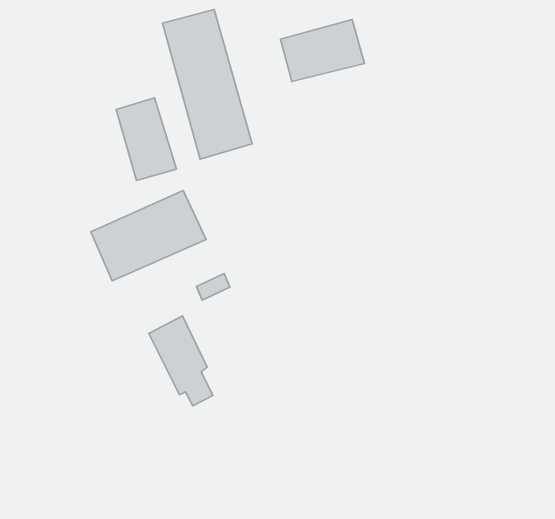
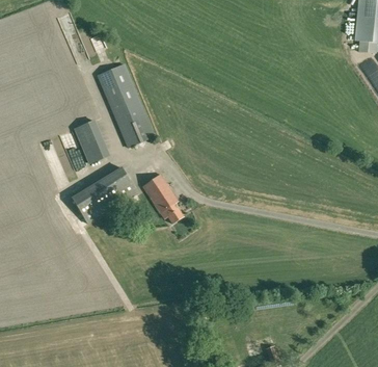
building: [281,19,364,82] -> none
building: [149,316,213,406] -> [141,173,182,222]

